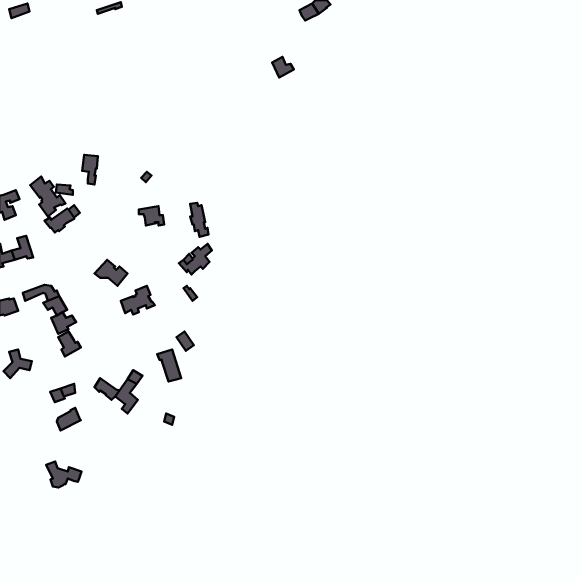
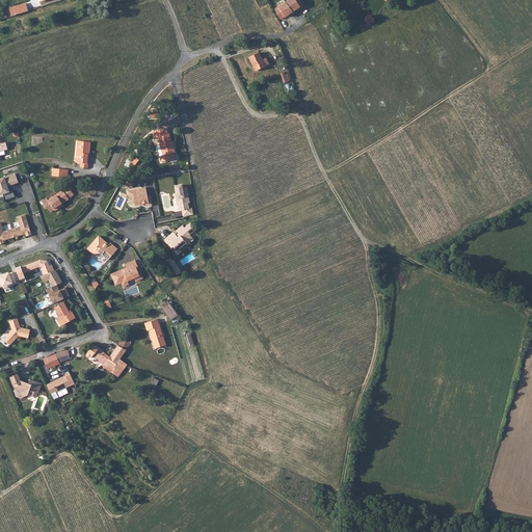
building: none -> [153,128,175,162]
building: [30,177,66,216] -> none
building: [46,461,81,488] -> [8,374,41,398]

